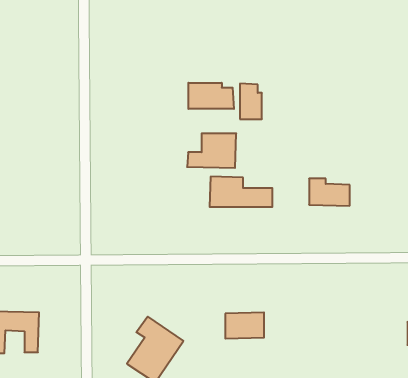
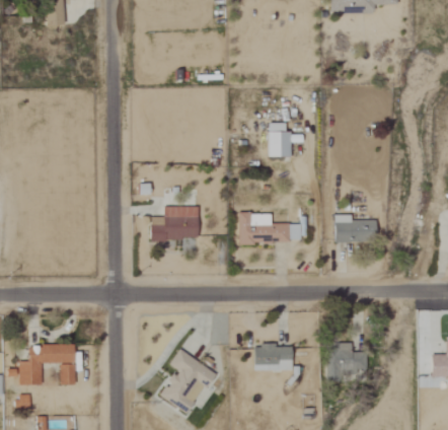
building: [188,83,234,109] -> none
building: [187,133,236,168] -> [150,207,198,240]
building: none -> [330,343,368,381]

